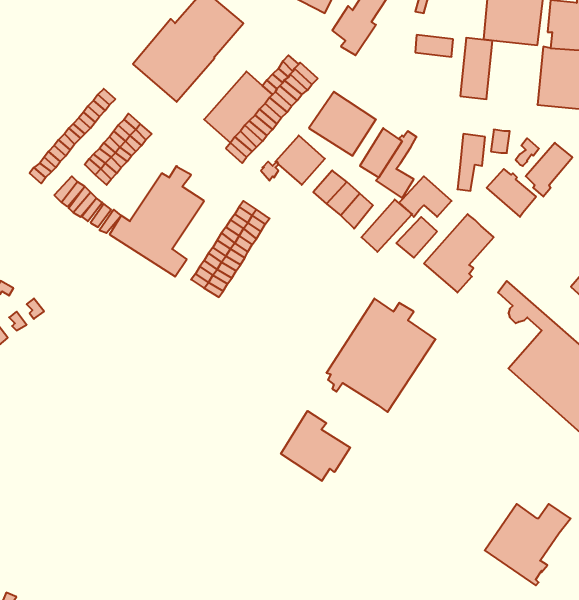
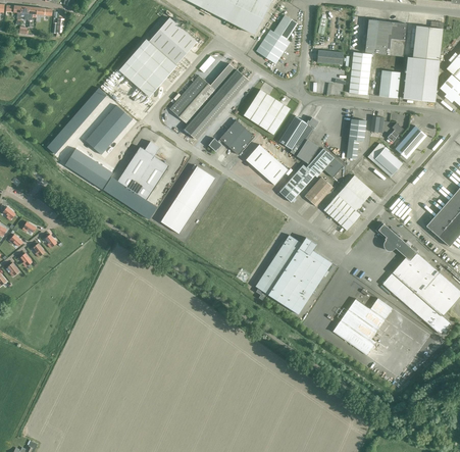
building: none -> [378,69,400,97]
building: [281,411,350,481] -> none
building: [485,504,571,585] -> [333,298,393,355]

